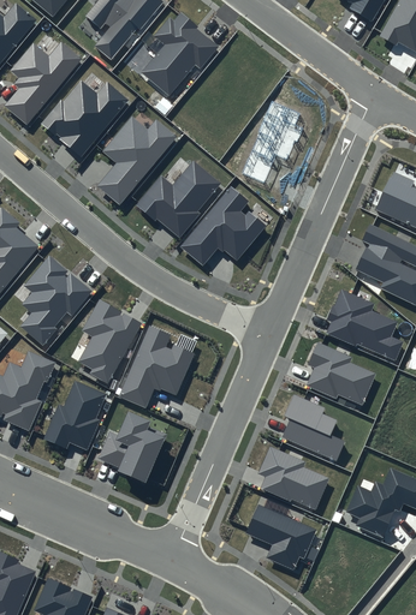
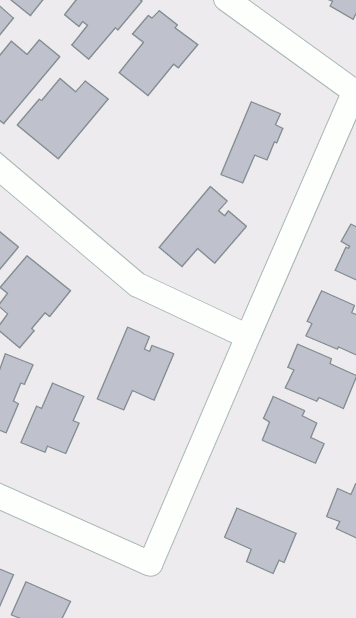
building: [99,115,177,203] -> none
building: [135,159,221,239] -> none
building: [78,300,142,384] -> none
building: [99,411,167,484] -> none
building: [258,447,329,509] -> none

